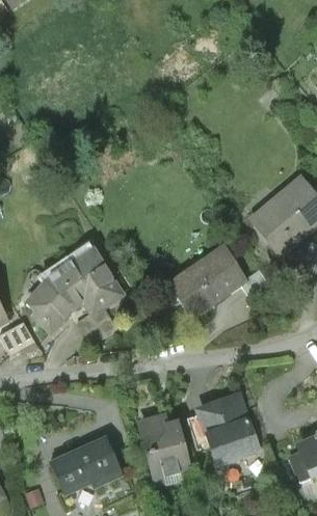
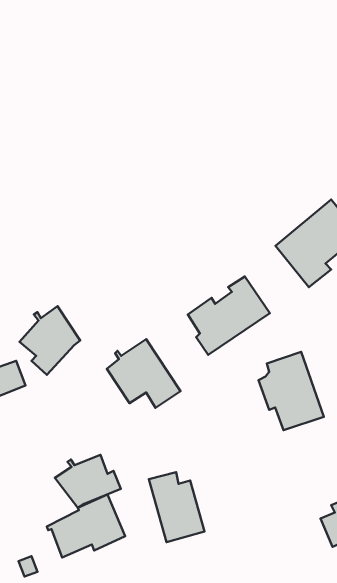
building: [60,245,125,305] -> [107,339,180,408]
building: [202,392,259,461] -> [258,352,324,430]
building: none -> [55,455,121,508]

